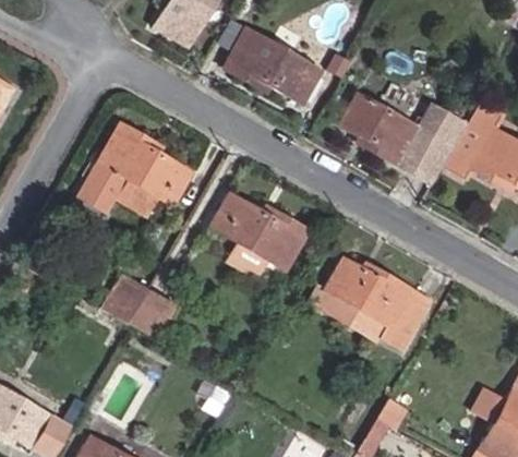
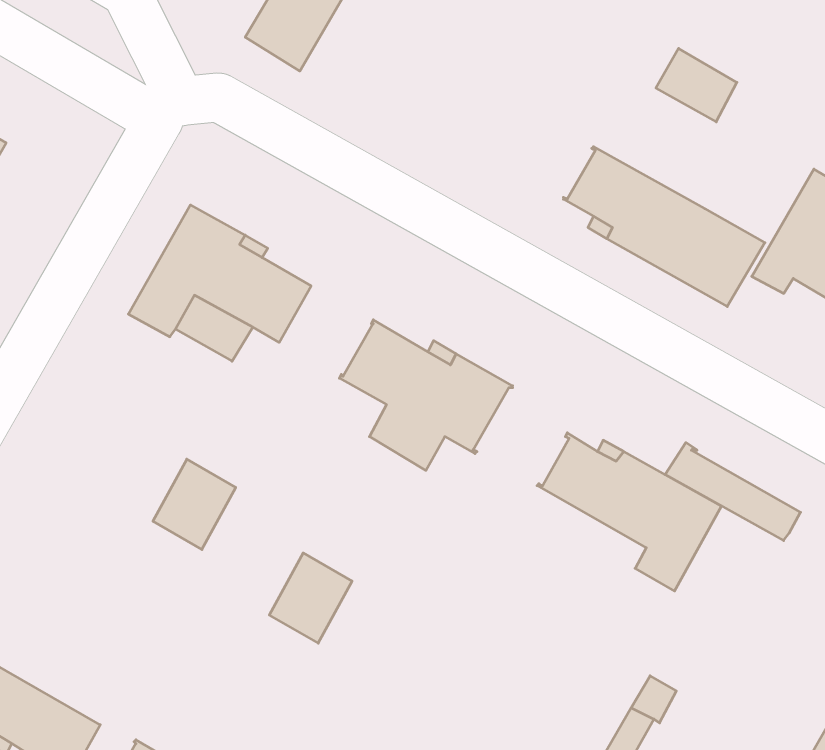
building: [221,26,322,104] -> none
building: [420,104,467,146] -> [656,48,737,122]
building: [308,282,386,339] -> [665,443,801,541]
building: [129,288,177,340] -> [269,553,352,643]

